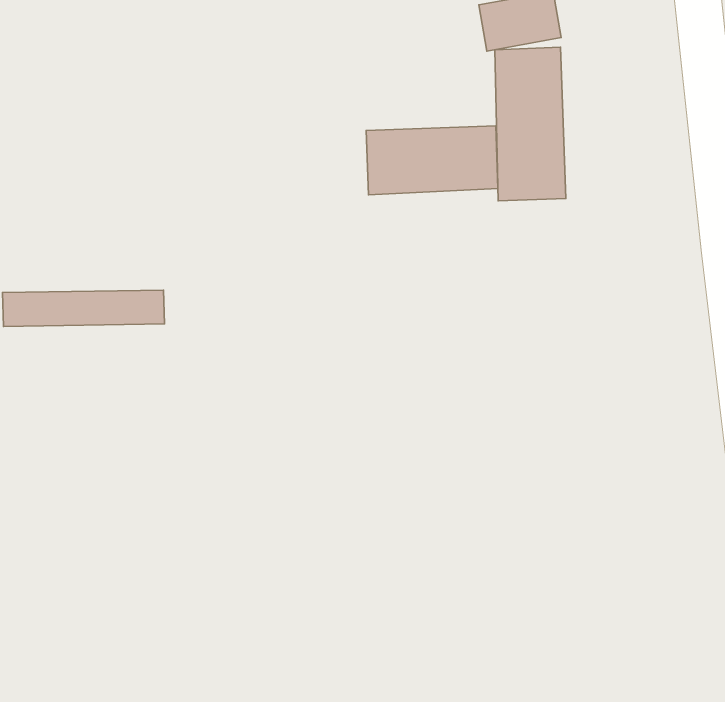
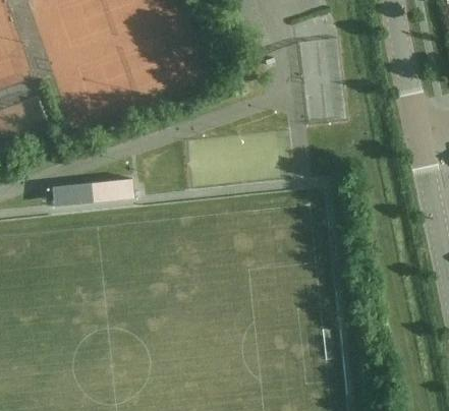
building: [366,126,498,195] -> none

